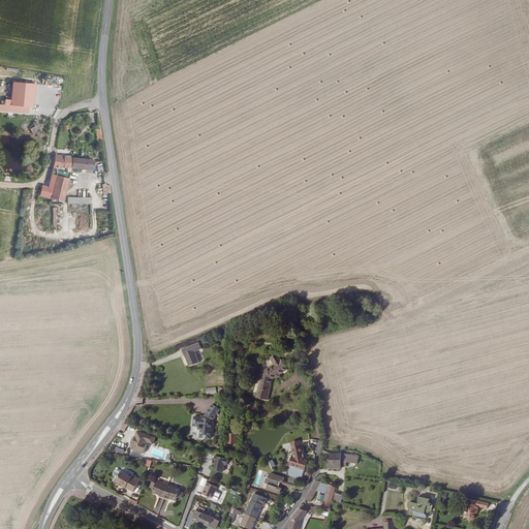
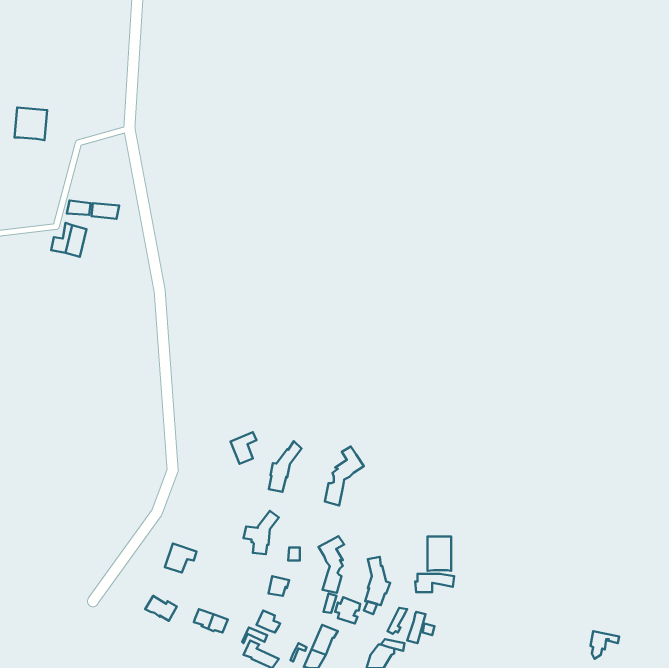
building: none -> [269,441,301,492]
building: none -> [318,536,344,593]
building: none -> [428,537,451,571]

